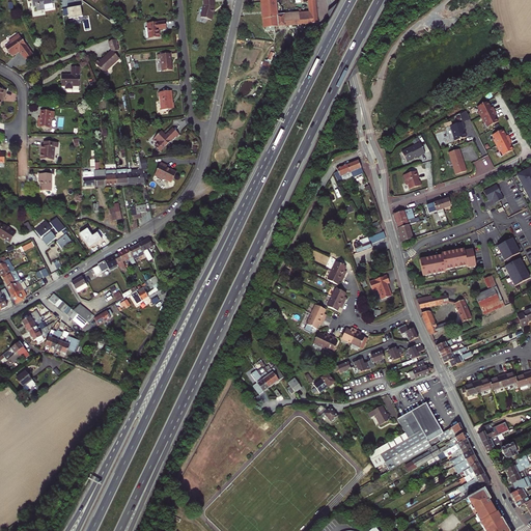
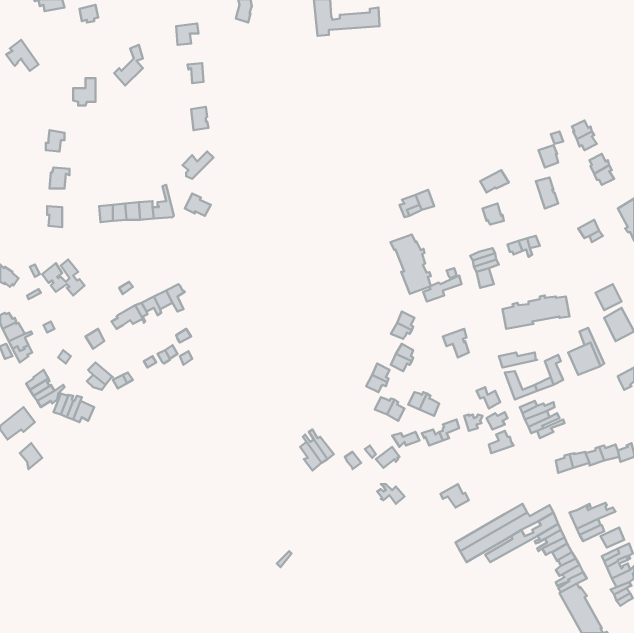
building: none -> [391,234,431,294]
building: [378,402,437,453] -> none

